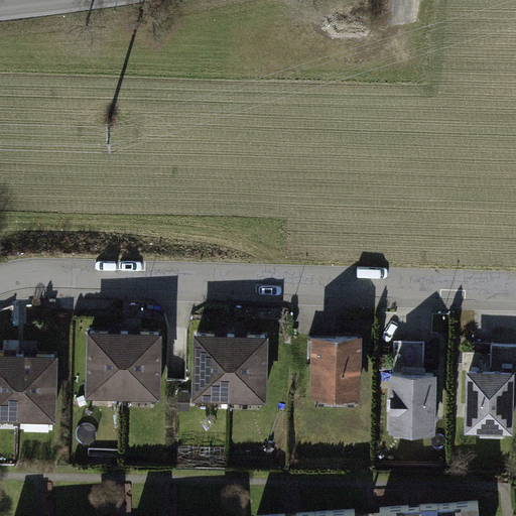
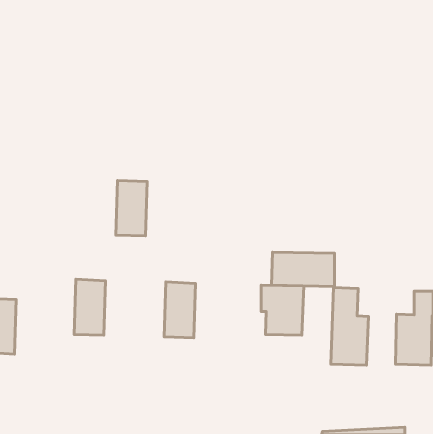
building: none -> [272,252,335,287]
building: [123,334,160,399] -> [116,181,147,236]
building: [230,336,268,402] -> none
building: [18,356,55,422] -> none

